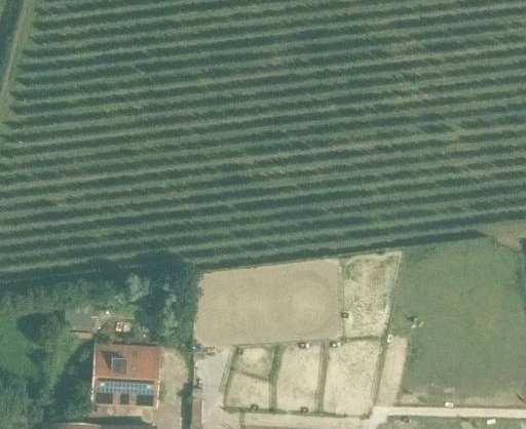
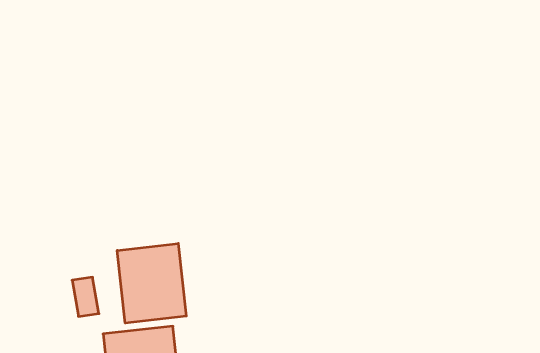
building: none -> [117,243,186,323]

